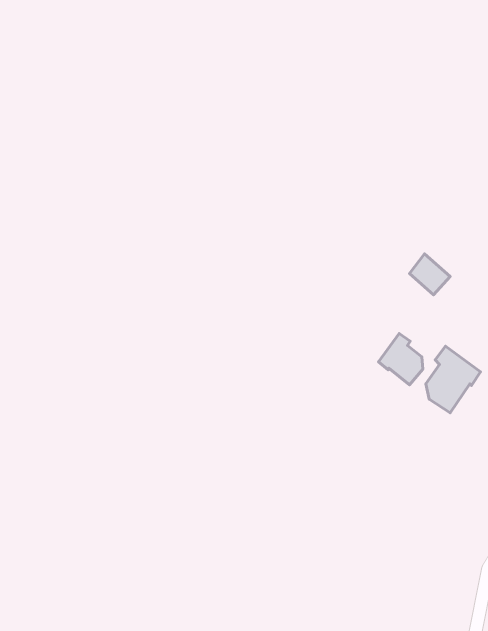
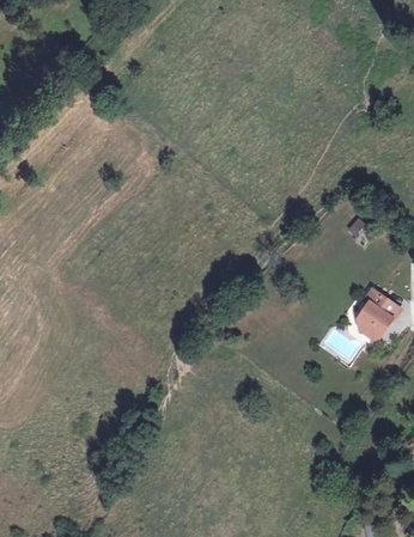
building: [378,334,423,385] -> none

